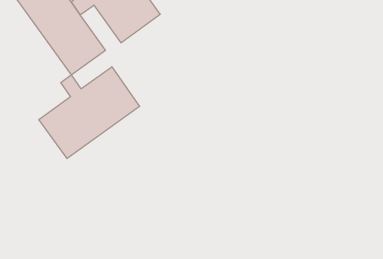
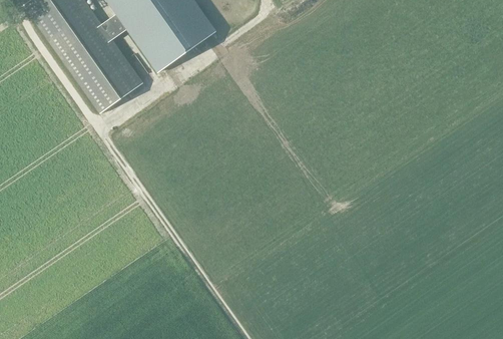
building: [39,67,140,159] -> none

